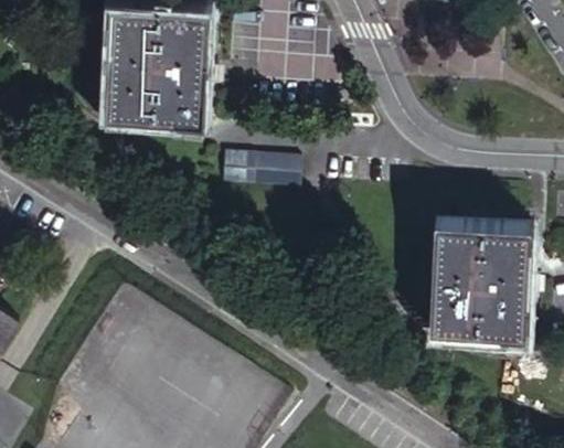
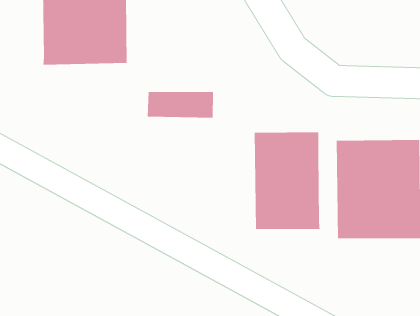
building: none -> [254,131,320,230]

